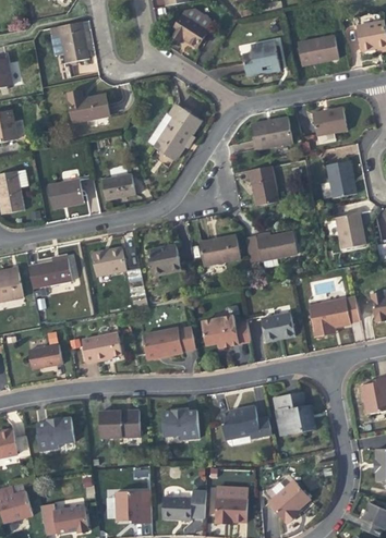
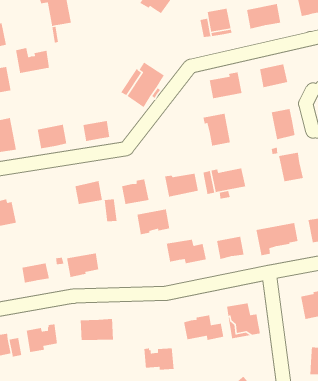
building: [68,90,109,122] -> [15,47,50,74]
building: [28,257,72,289] -> none
building: [144,328,184,359] -> [136,209,170,235]
building: [161,409,198,437] -> [143,348,174,370]

